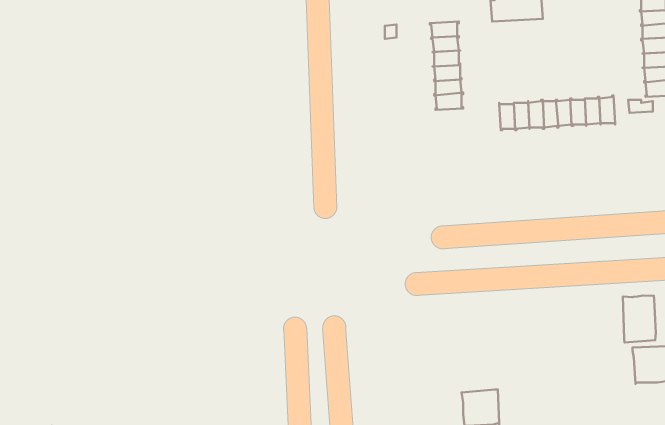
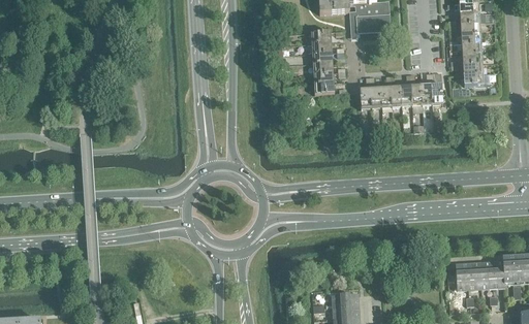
building: [623,296,656,343] -> none

